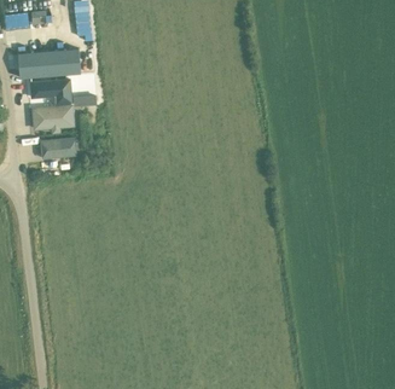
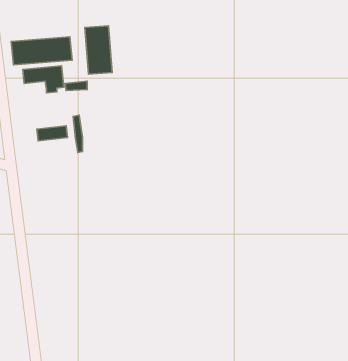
building: none -> [85,26,112,74]
building: [34,108,74,130] -> none

